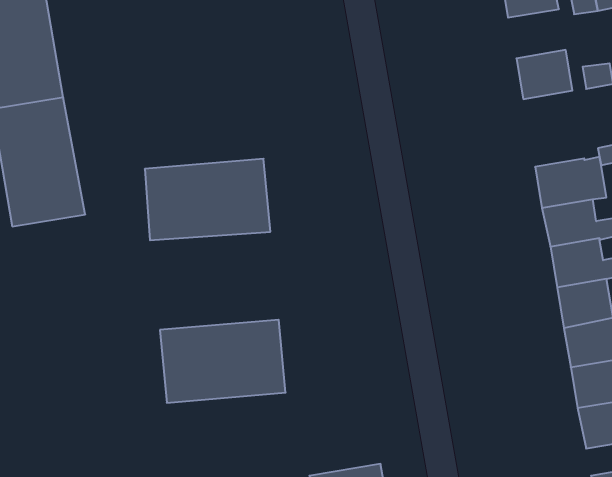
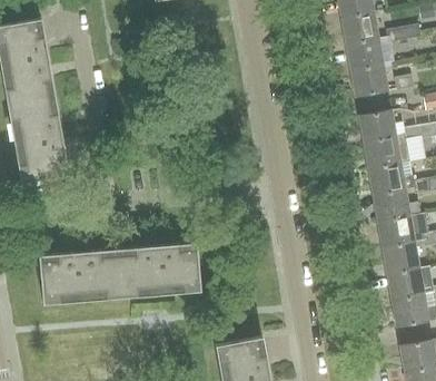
building: none -> [346,39,384,71]
building: none -> [359,110,396,143]
building: [145,159,270,240] -> [40,250,122,303]

